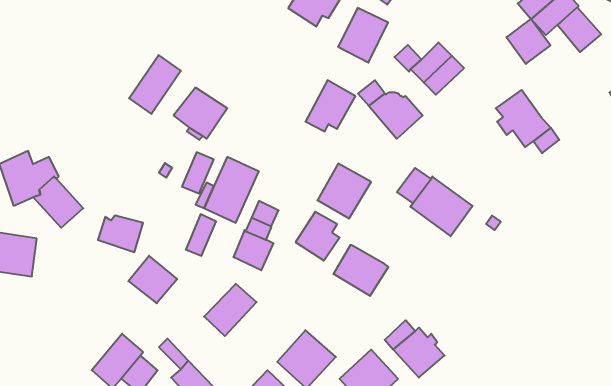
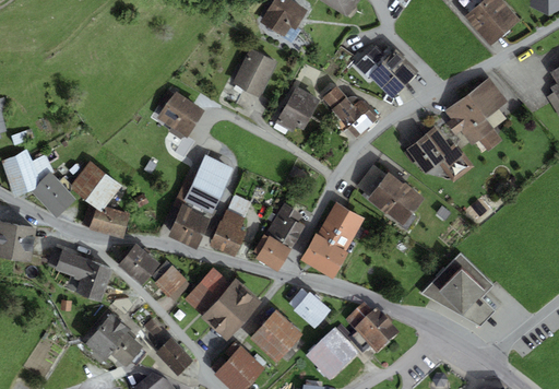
building: [557,7,601,52] -> none
building: [338,8,388,63] -> [233,48,277,97]
building: [506,19,550,64] -> [468,78,508,118]
building: [129,55,181,114] -> none
building: none -> [406,127,464,173]
building: [182,152,214,194] -> [182,212,211,249]
building: [317,164,371,219] -> [318,201,366,250]
building: none -> [70,161,122,211]
building: none -> [254,235,290,272]
building: none -> [47,247,112,302]
building: none -> [421,252,496,326]
building: none -> [152,260,193,303]
building: none -> [201,279,262,341]
building: none -> [289,288,331,328]

